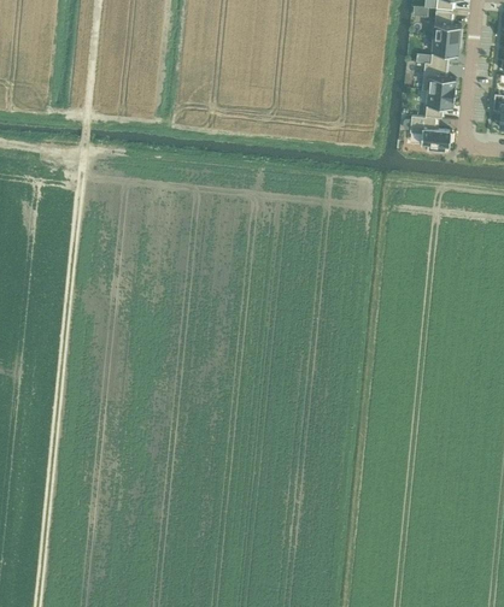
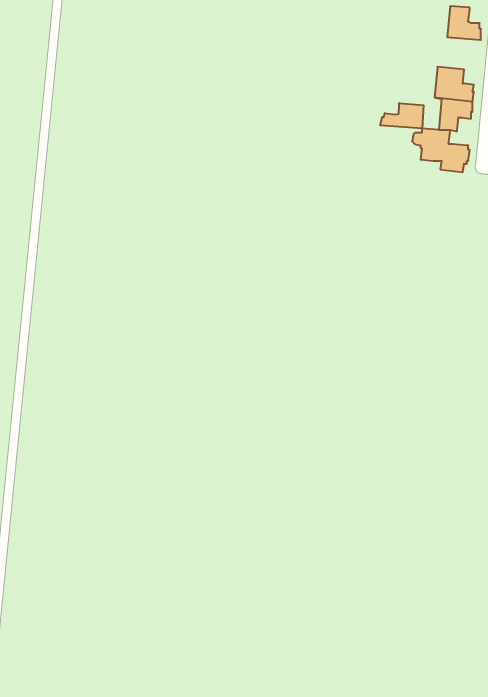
building: [424,37,462,65] -> none
building: none -> [380,103,424,129]

